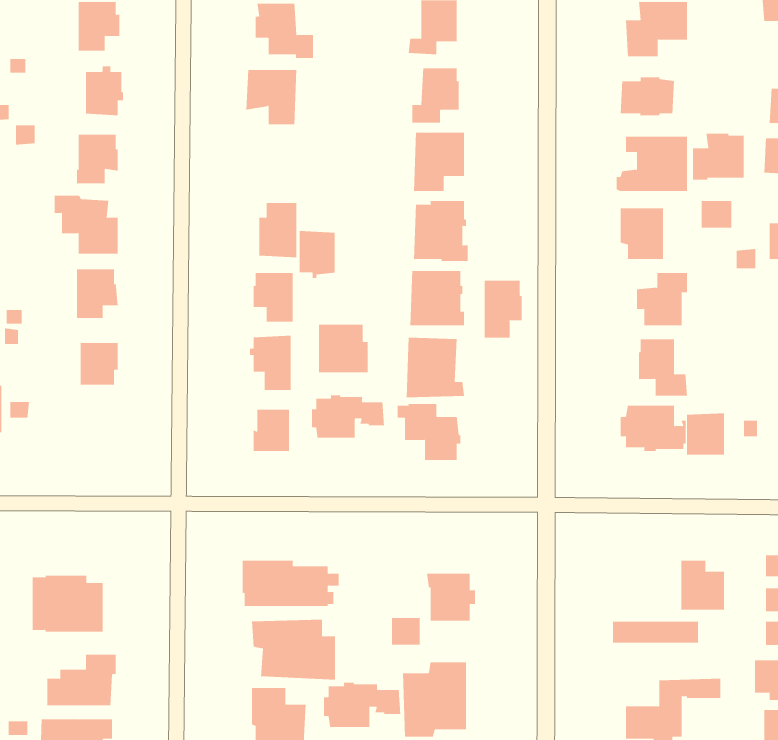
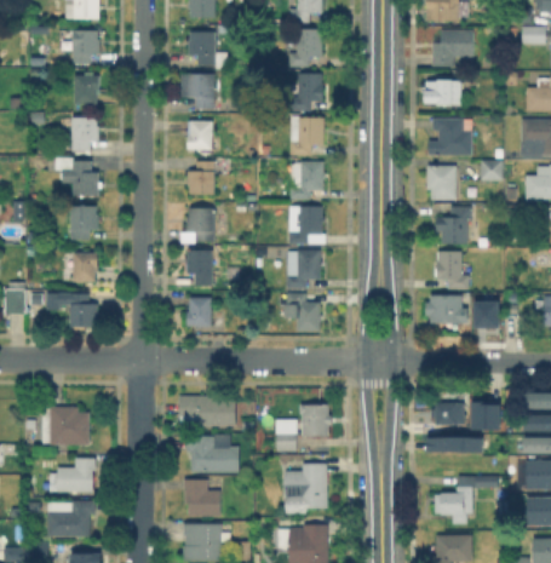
building: [693,133,744,180] -> none
building: [299,231,336,279] -> [189,121,213,153]
building: [484,280,522,338] -> none
building: [319,324,368,373] -> none
building: [311,394,384,439] -> none
building: none -> [42,293,94,327]
building: none -> [431,404,465,426]
building: [324,682,401,728] -> none

